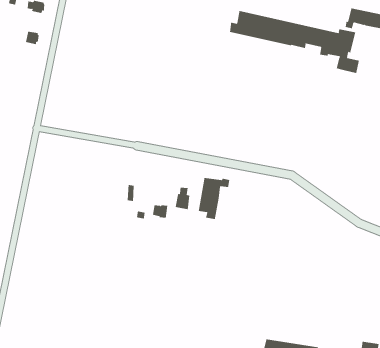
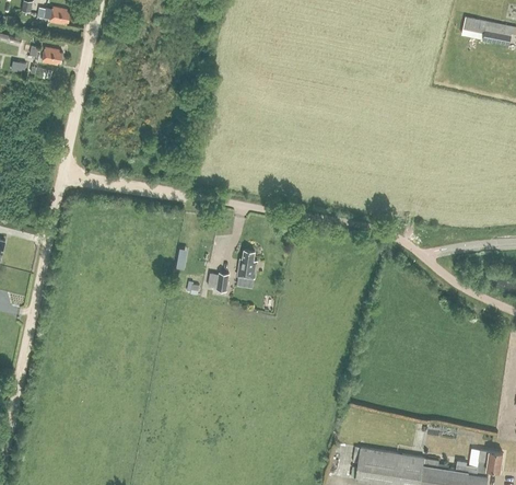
building: [229,10,359,74] -> none
building: [198,177,230,220] -> none

